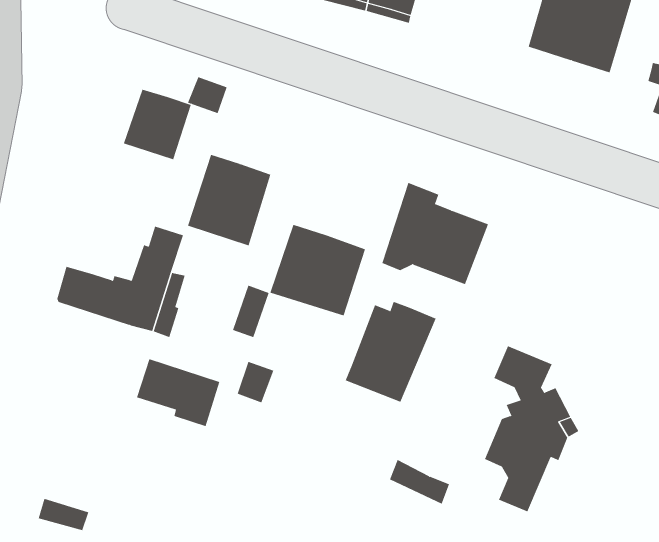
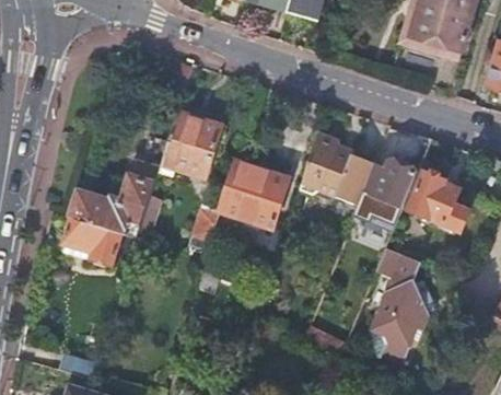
building: [123,89,192,160] -> none
building: none -> [409,171,470,231]
building: [345,301,437,402] -> [353,160,418,231]
building: [136,358,220,427] -> [62,217,121,265]

